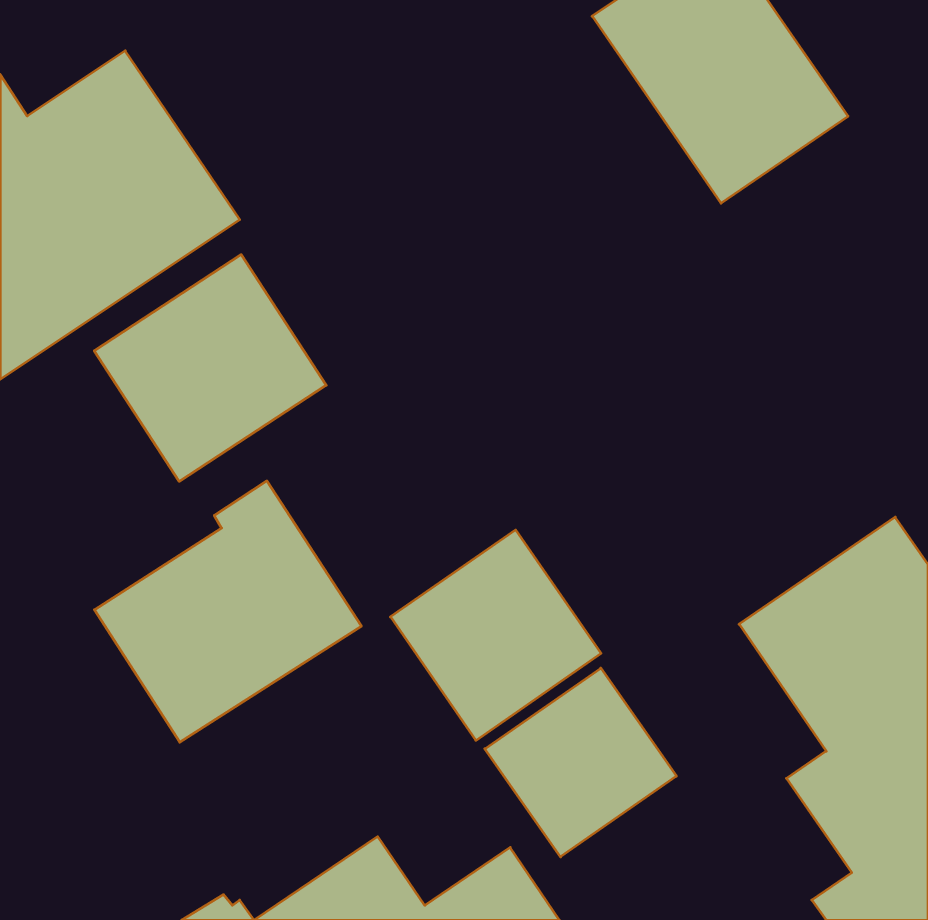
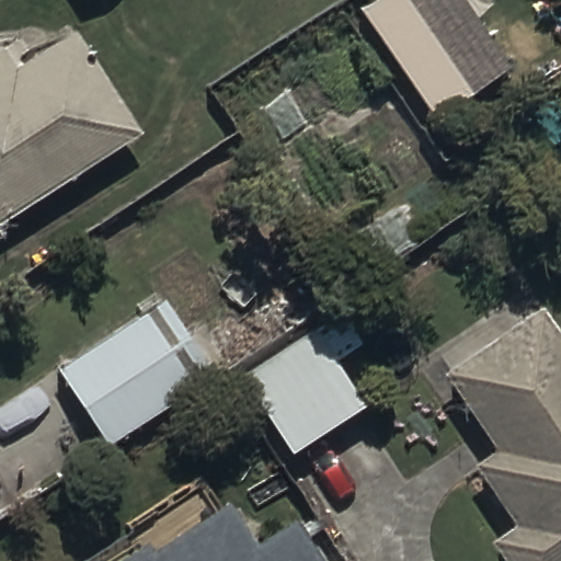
building: [94,255,326,481] -> none
building: [485,668,676,857] -> none

